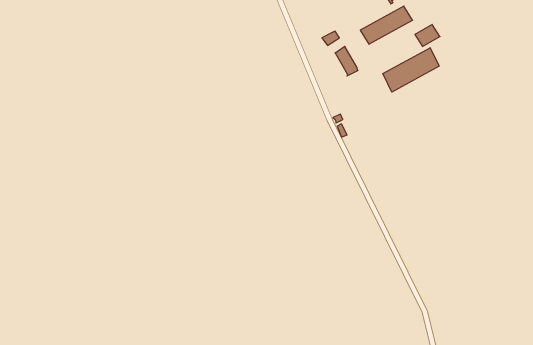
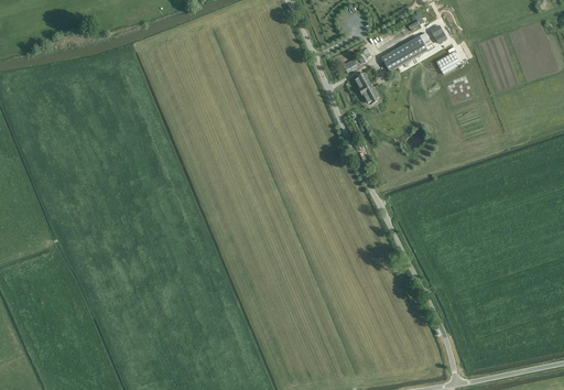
building: [383,48,439,92] -> none

